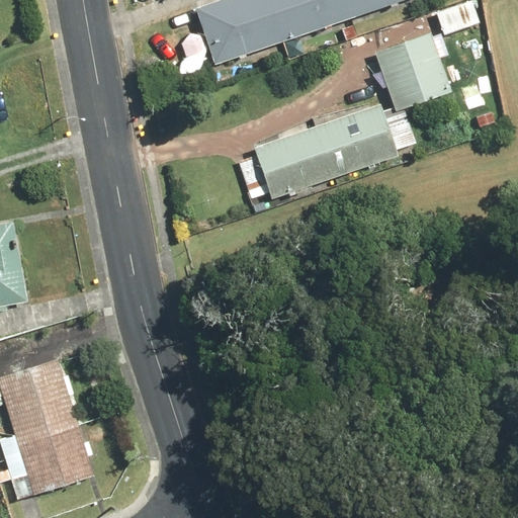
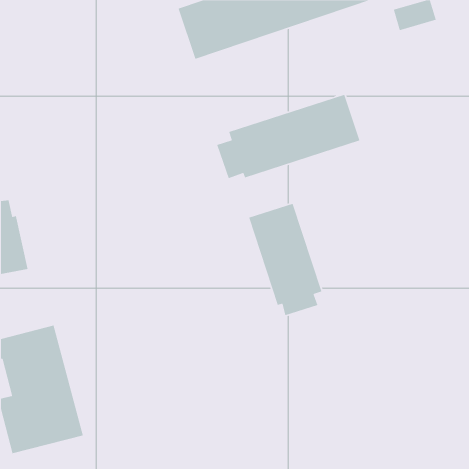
building: [373,32,449,111] -> none
building: none -> [248,203,322,316]

